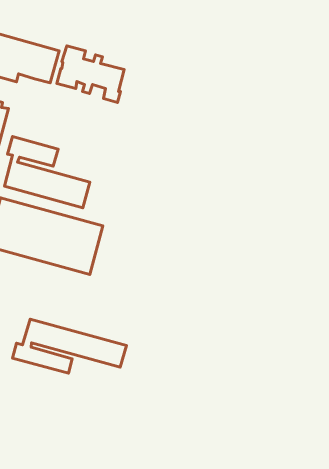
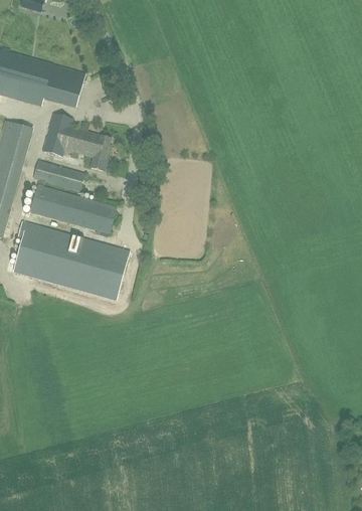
building: [57,46,124,102] -> [42,113,111,170]
building: [13,319,126,373] -> none

